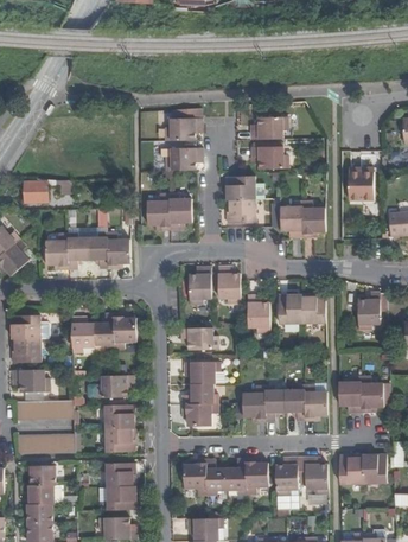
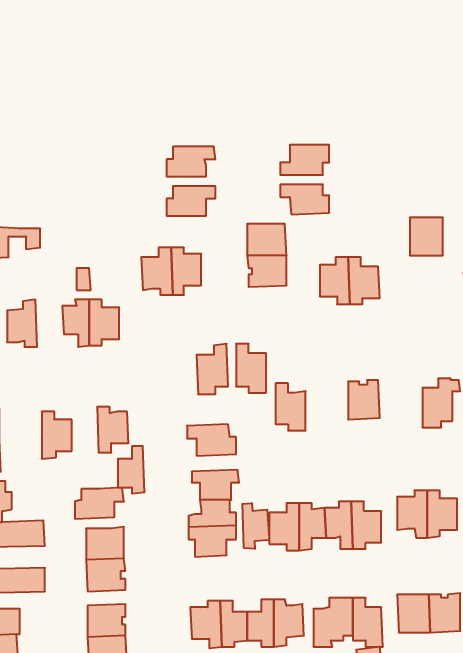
building: [66,232,88,268] -> none
building: [278,294,301,323] -> none
building: [94,313,114,349] -> [118,446,145,494]
building: none -> [242,503,269,549]

